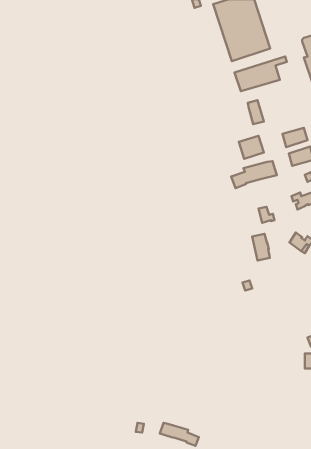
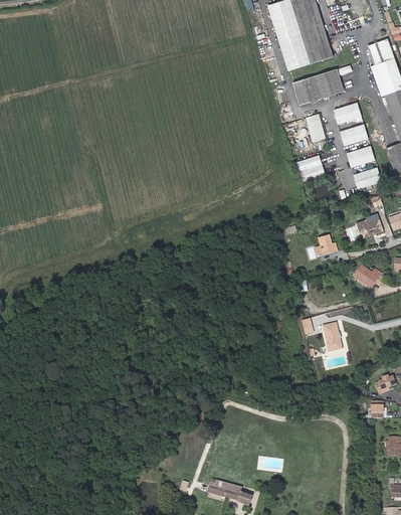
building: none -> [333,103,361,125]
building: none -> [339,125,368,146]
building: [231,161,277,188] -> none
building: [252,234,270,260] -> [322,322,342,352]

